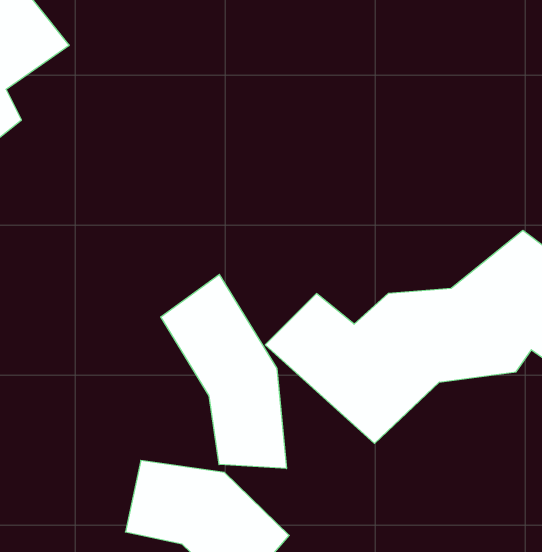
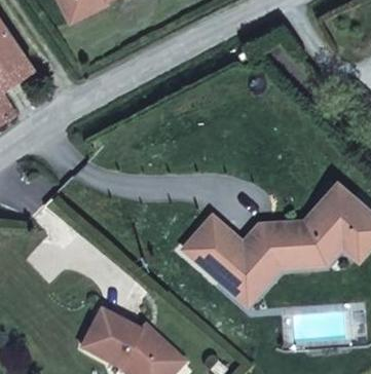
building: [161,274,286,469] -> none

